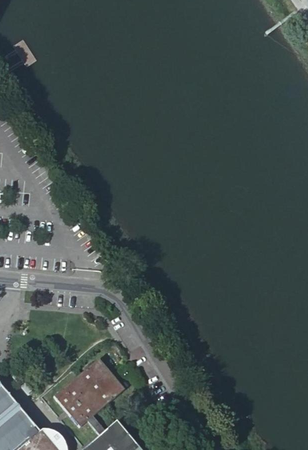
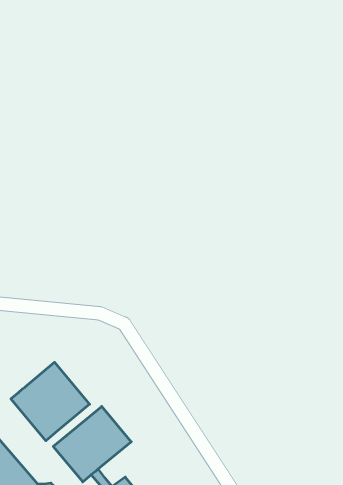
building: none -> [11,362,90,441]

